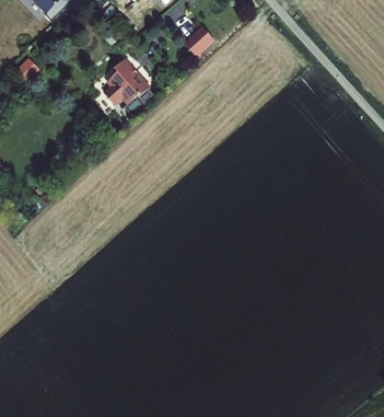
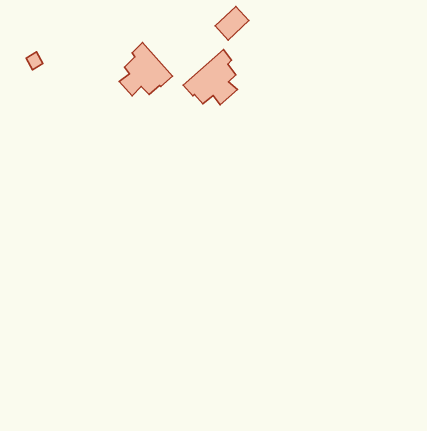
building: none -> [183,49,237,105]

